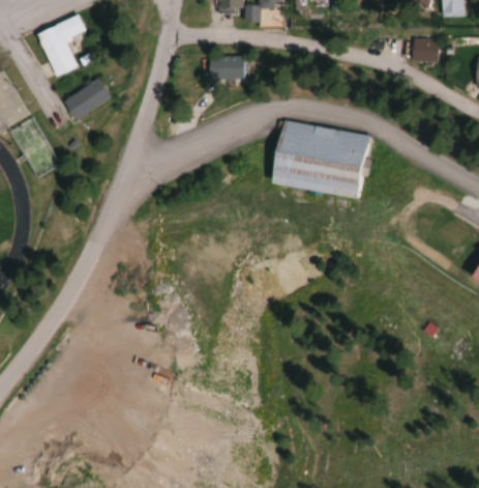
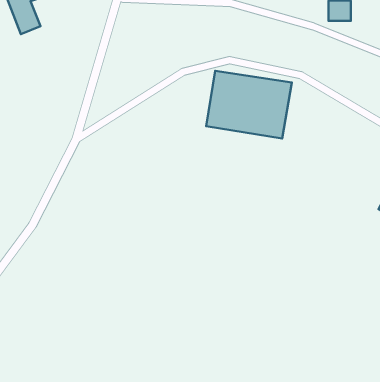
building: [209,56,244,79] -> none
building: [63,79,110,120] -> none

